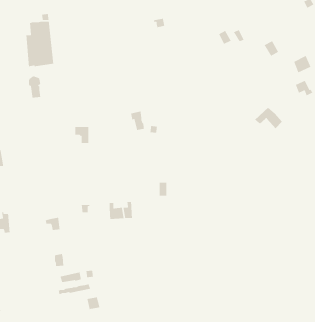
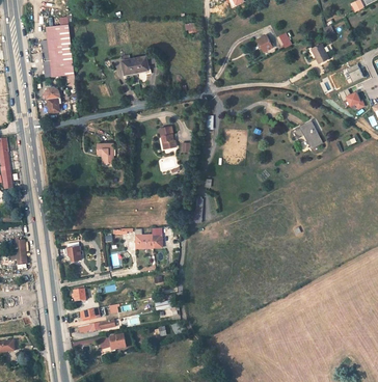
building: none -> [120,54,155,74]

